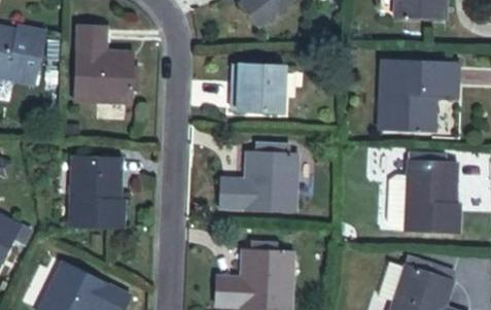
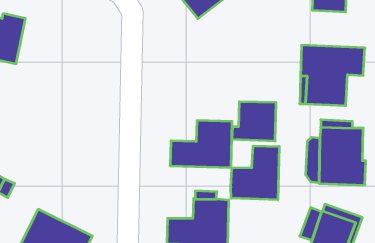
building: [75,23,135,100] -> none
building: [227,64,282,112] -> [232,102,276,141]
building: [69,150,128,227] -> none
building: none -> [231,146,279,200]

